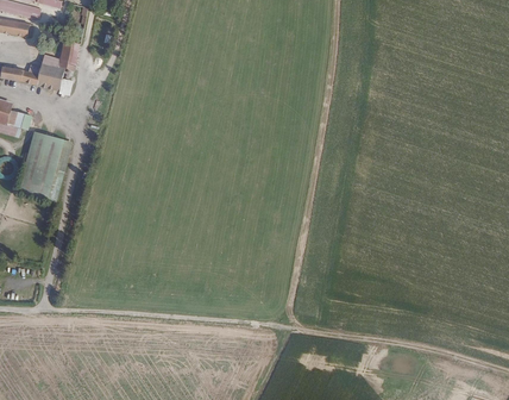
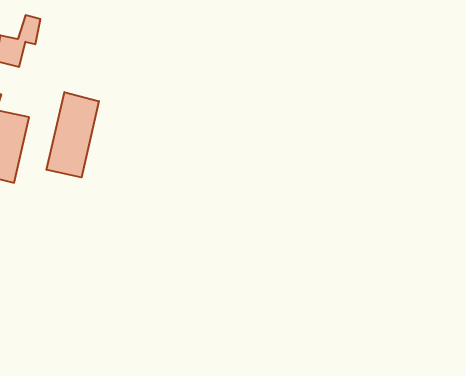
building: none -> [47,92,99,177]

